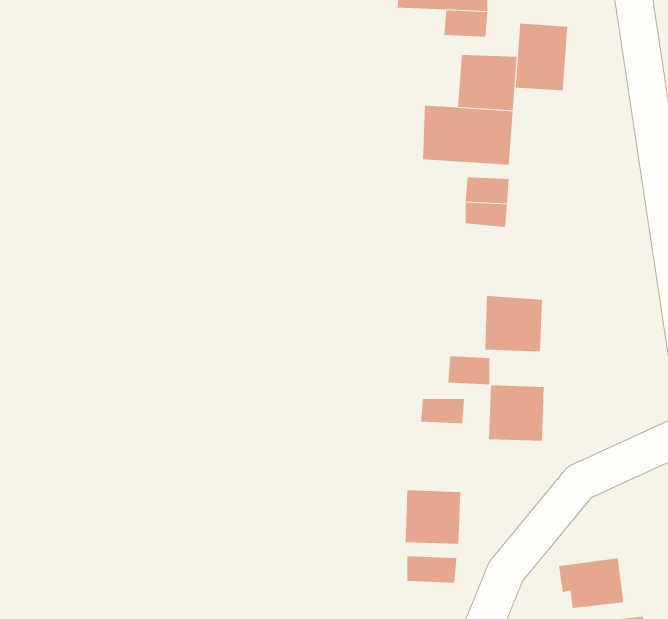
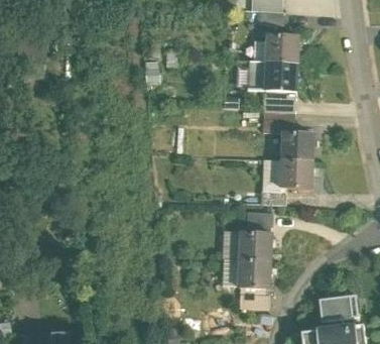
building: [515,23,568,91] -> none
building: none -> [281,131,312,160]
building: [488,385,545,441] -> [240,231,269,260]

